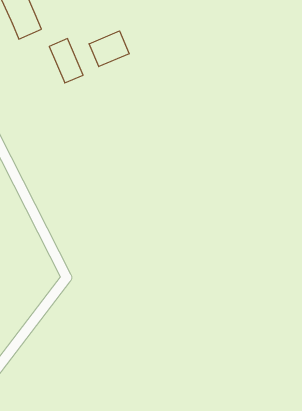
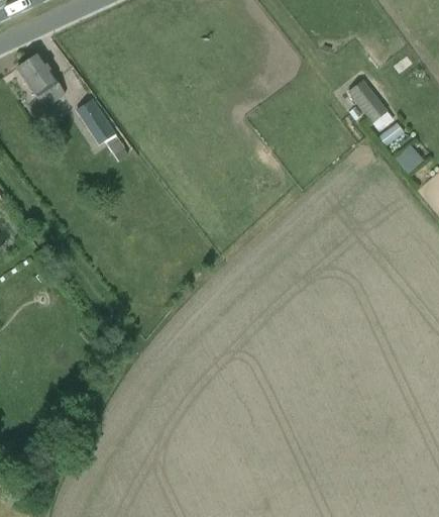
building: [89,31,129,67] -> none

